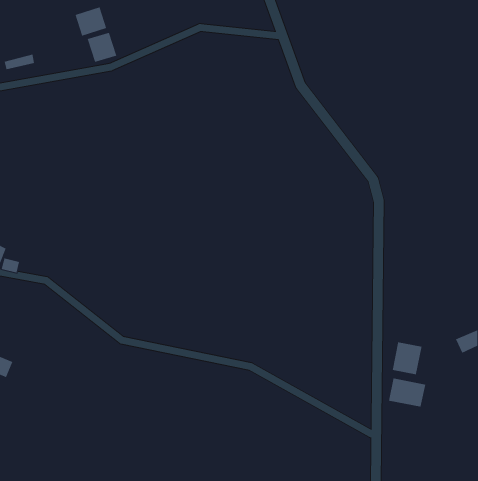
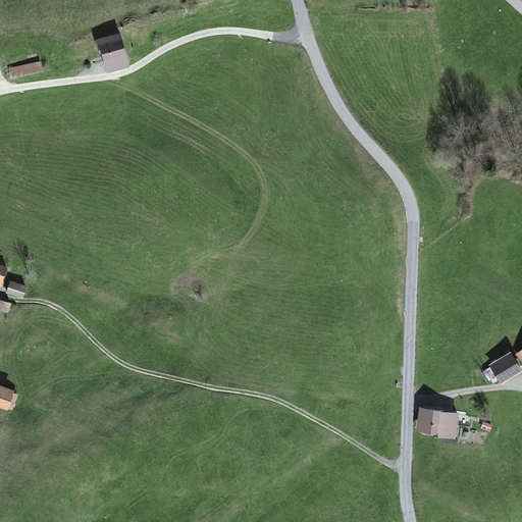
building: [75,7,107,37] -> none
building: [392,342,422,375] -> none

